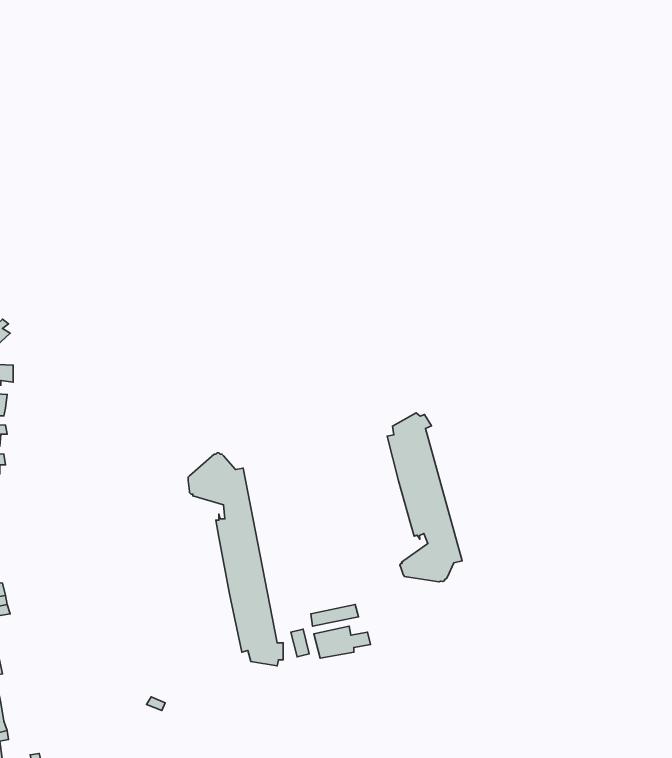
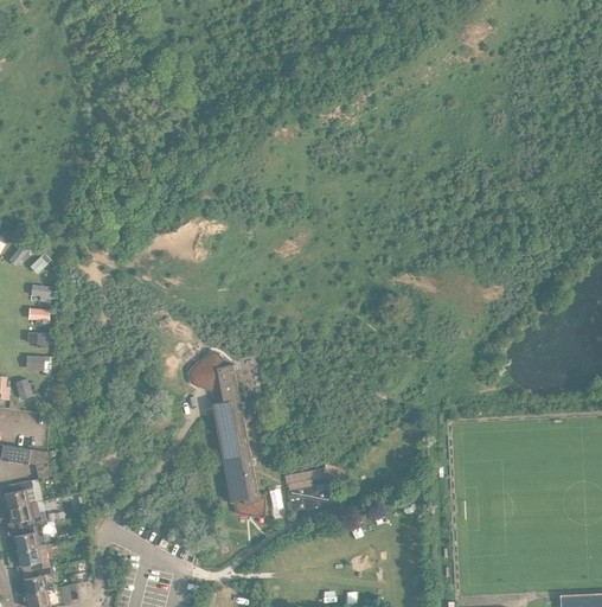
building: [387,413,462,582] -> none

